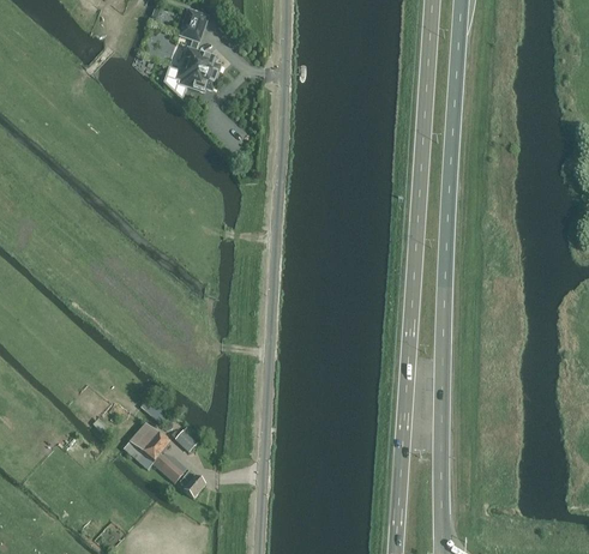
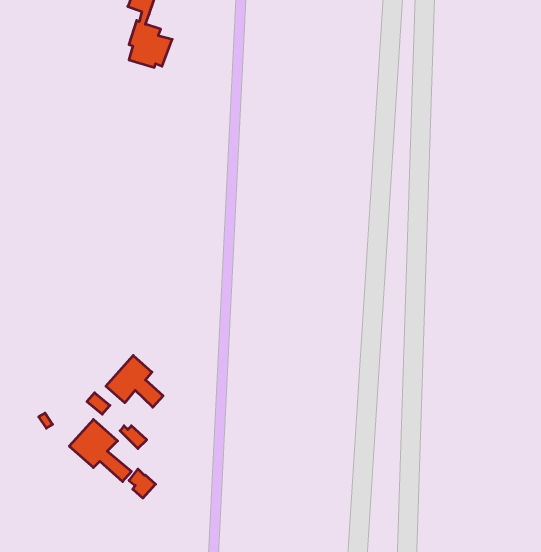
building: none -> [106,355,163,407]

